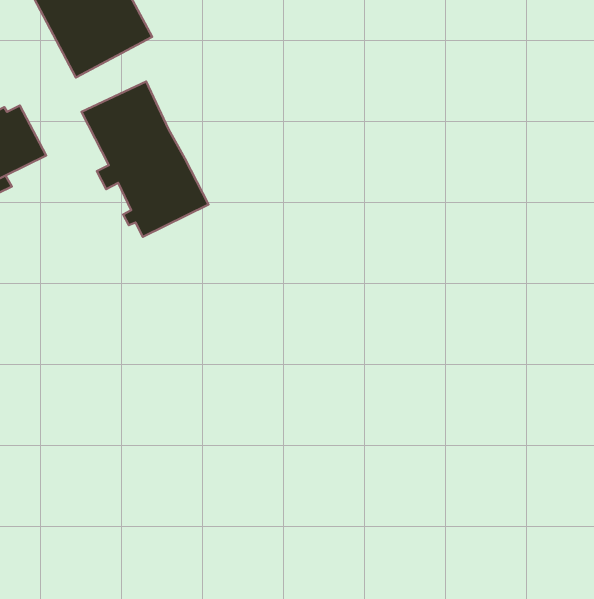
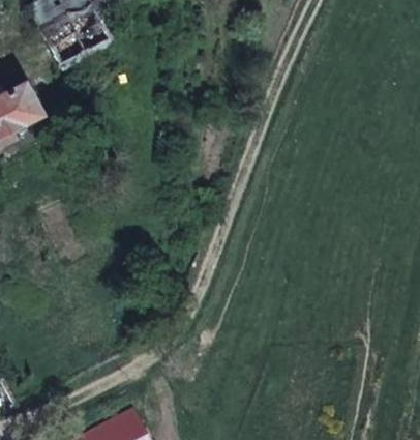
building: [82,81,209,237] -> none

